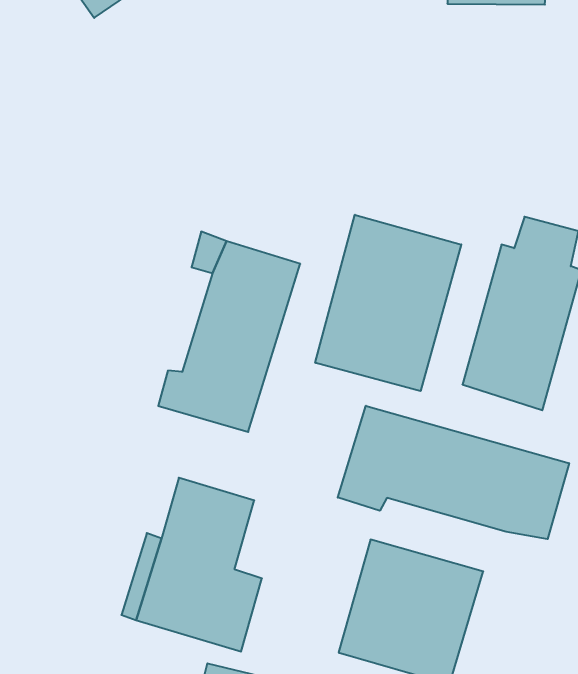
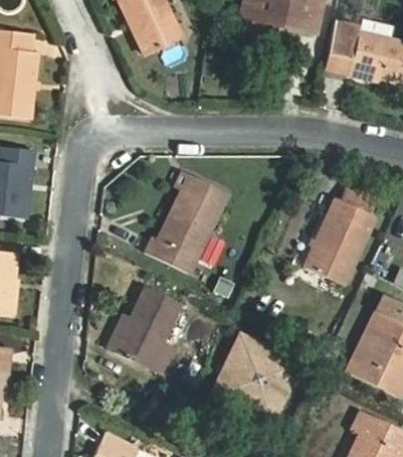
building: [315,215,461,391] -> none
building: [338,406,569,539] -> none

